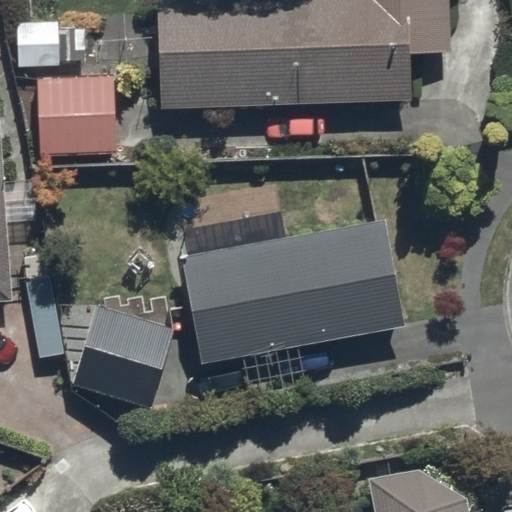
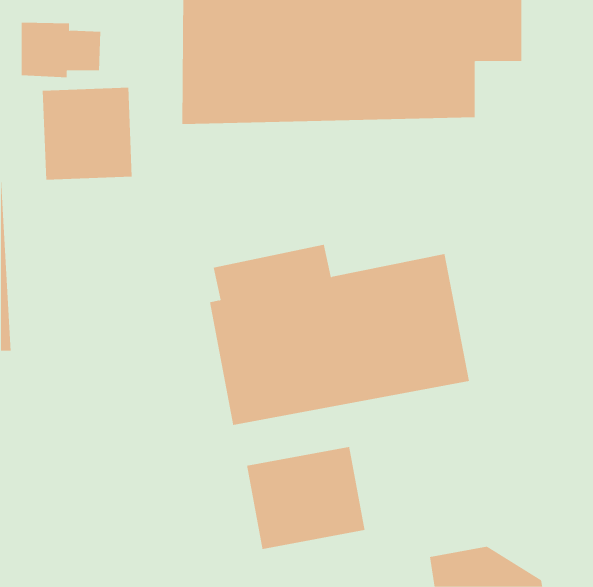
building: [70,303,177,409] -> none
building: none -> [247,446,365,550]

